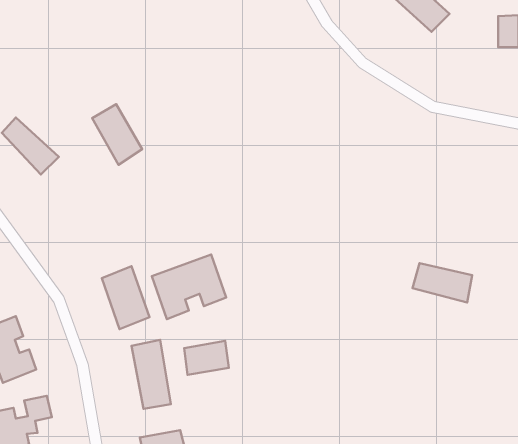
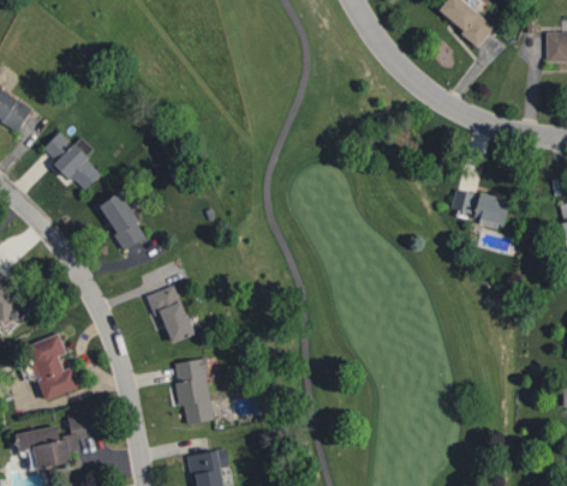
building: [92,104,142,165] -> [97,192,148,253]
building: [152,254,226,319] -> none
building: [412,263,472,303] -> [449,188,509,228]
building: [184,341,229,375] -> none

